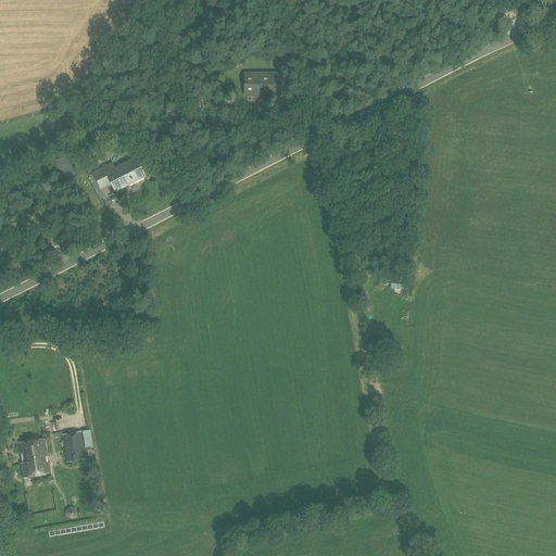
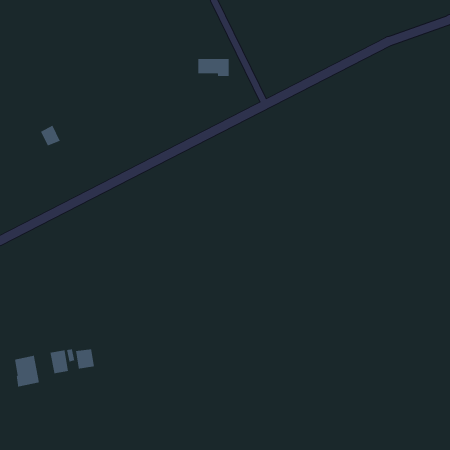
building: [92,156,143,190] -> none
building: none -> [75,349,95,370]

